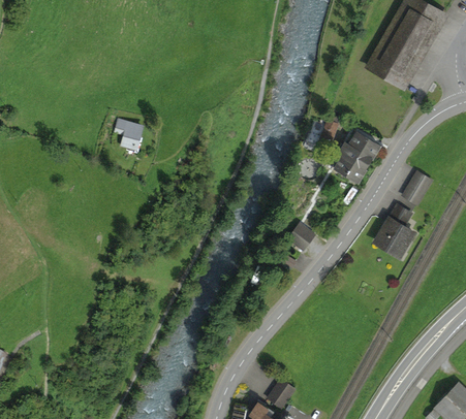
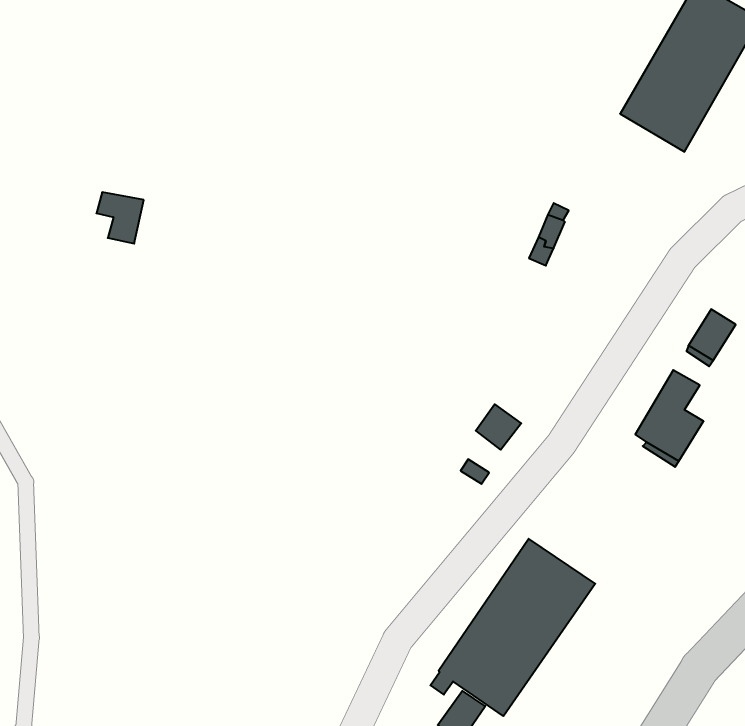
building: [115,119,141,147] -> [96,192,144,244]
building: [336,131,379,181] -> none
building: none -> [430,539,595,716]

